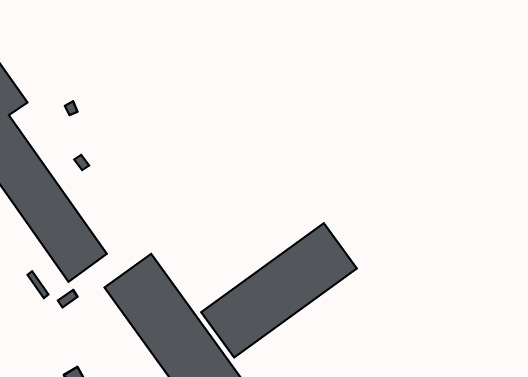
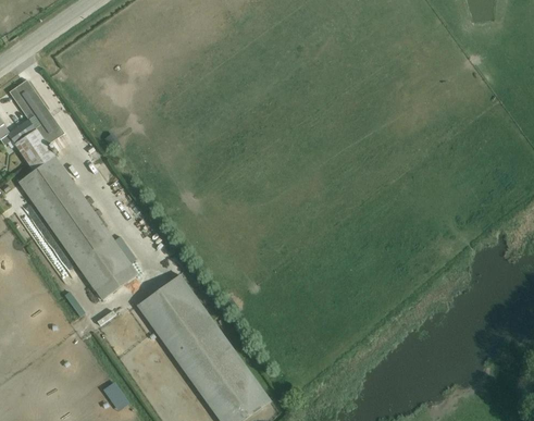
building: [201,223,357,357] -> none

